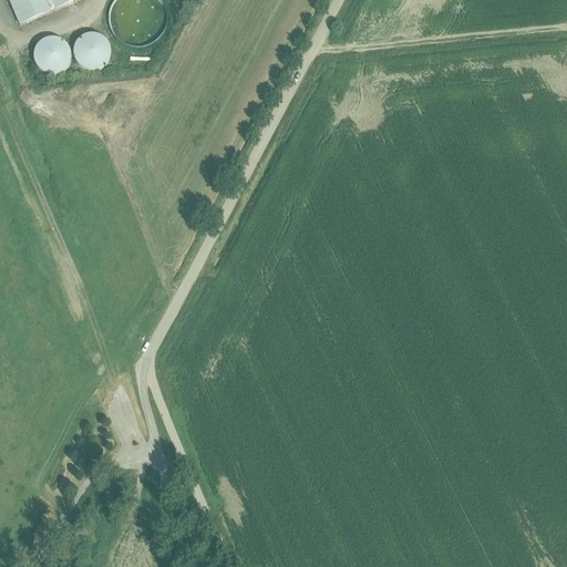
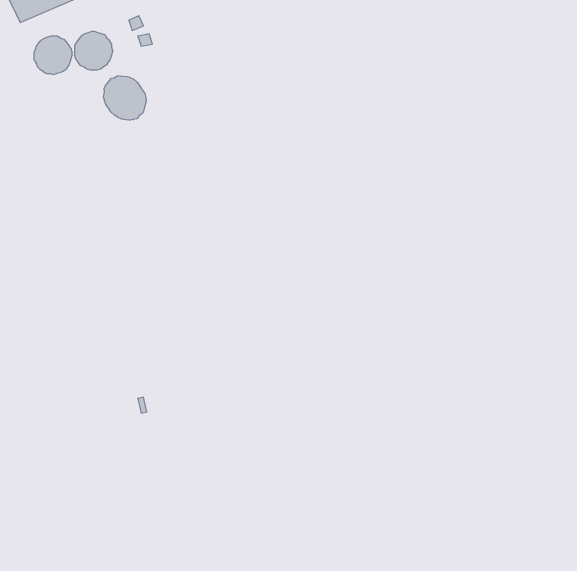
building: none -> [103,76,146,120]

